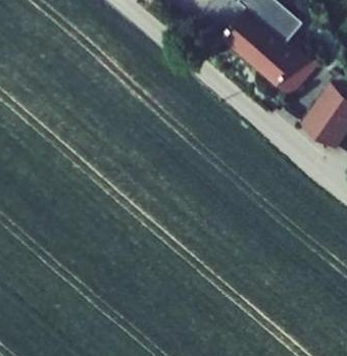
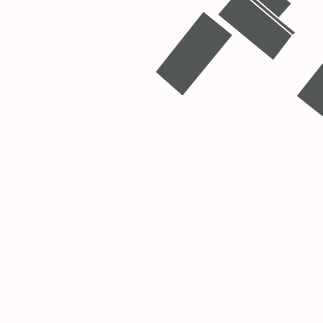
building: none -> [155,11,233,97]

